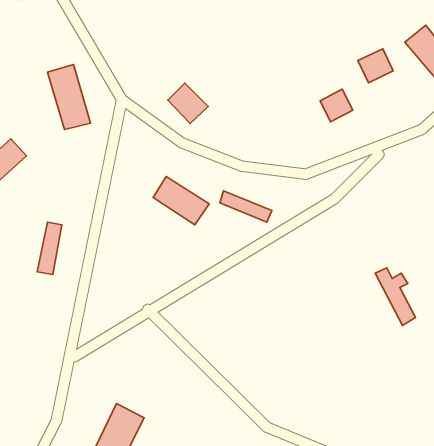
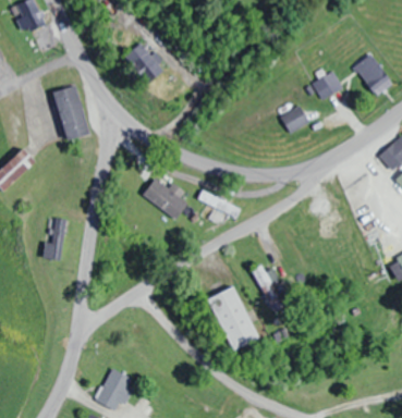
building: [168,83,208,124] -> [124,42,158,76]
building: [375,268,416,325] -> [251,266,284,314]
building: none -> [207,286,259,352]

